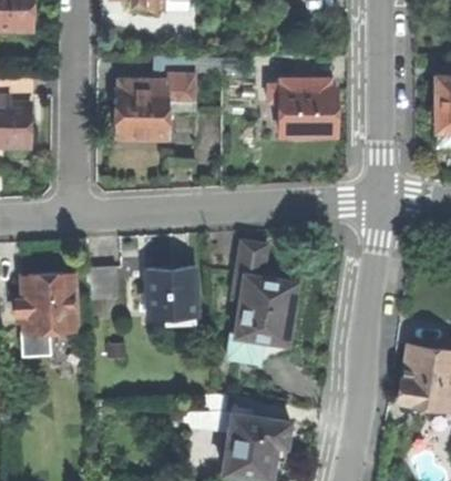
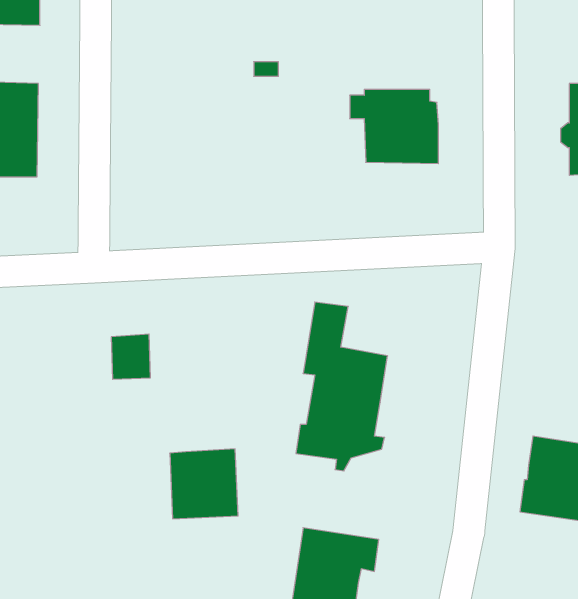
building: [116,57,196,137] -> none
building: [146,266,198,319] -> [170,449,238,519]
building: [17,273,78,347] -> none

